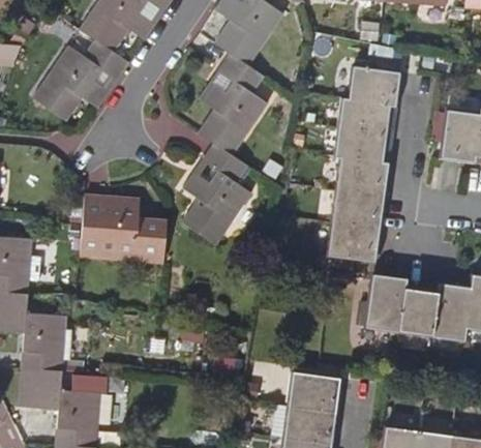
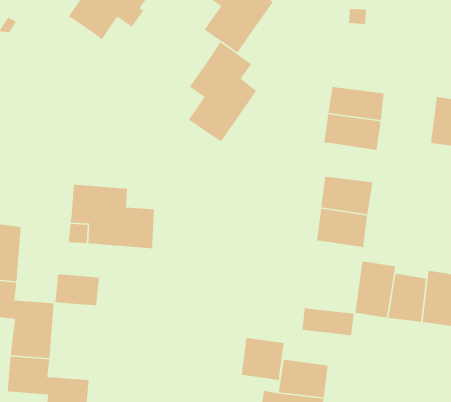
building: [33,39,127,120] -> none
building: [348,64,399,106] -> none
building: [183,144,252,247] -> none
building: [335,156,388,195] -> none
building: none -> [54,273,100,306]
building: none -> [301,307,354,336]
building: none -> [241,337,285,381]

